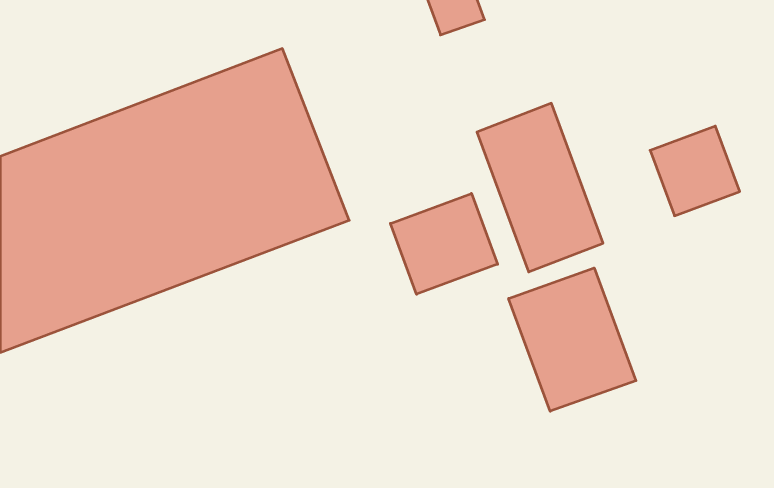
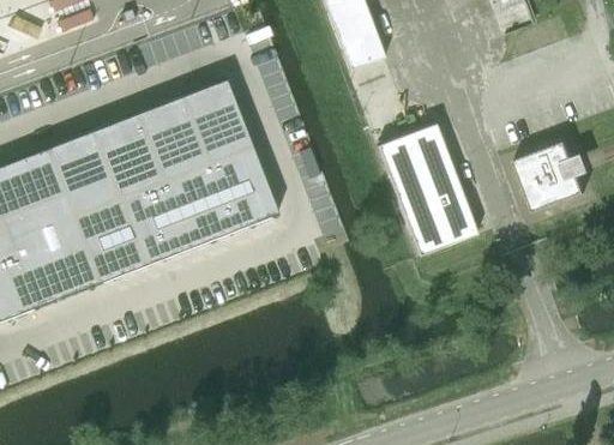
building: [390,193,498,294] -> none
building: [509,268,636,411] -> none

